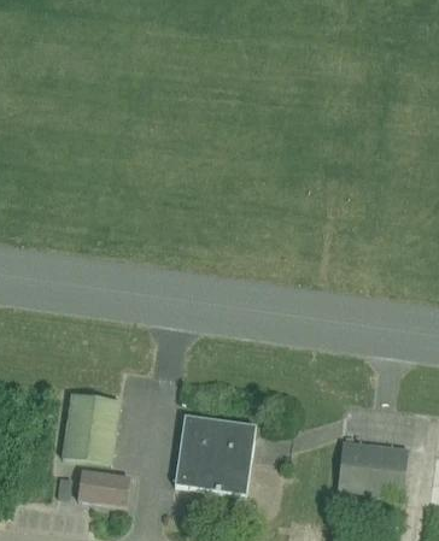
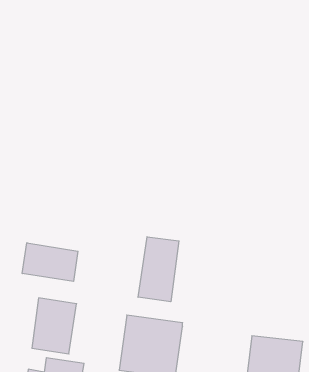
building: none -> [138,237,179,302]
building: none -> [22,243,78,281]

